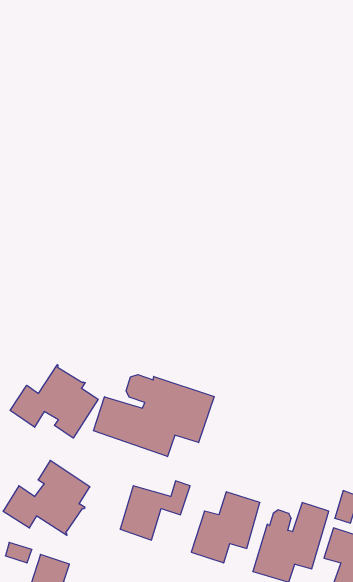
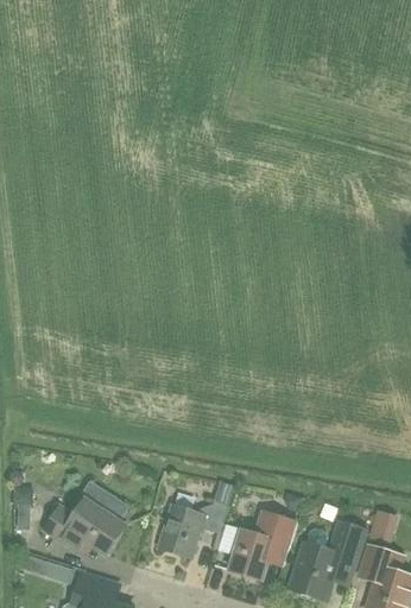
building: [10,365,98,438] -> none
building: [94,375,214,457] -> none

